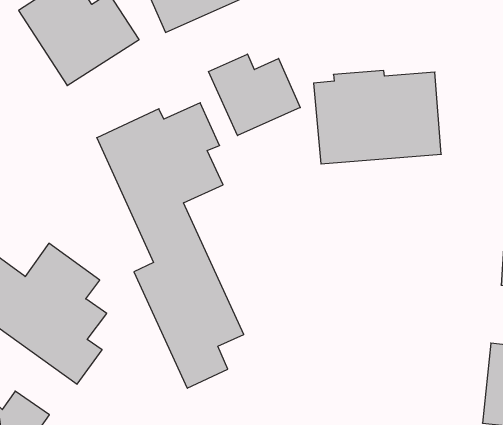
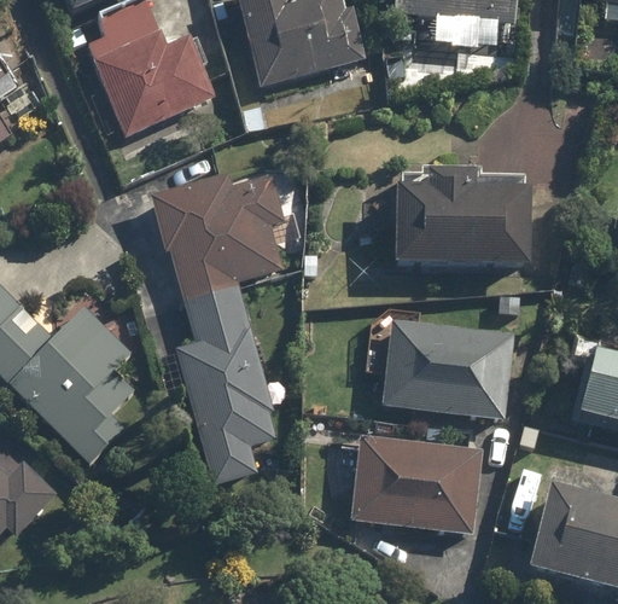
building: [209,54,300,136] -> none
building: none -> [378,324,511,414]
building: none -> [352,439,479,529]

